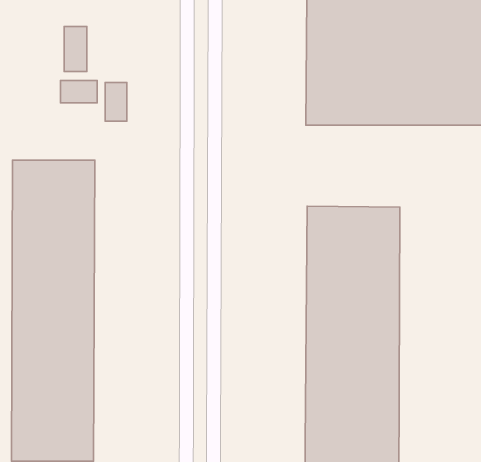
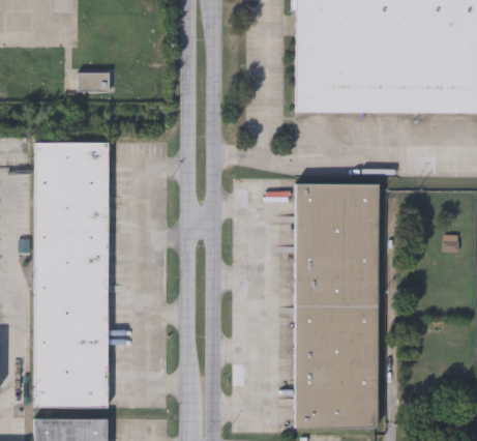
building: [64,26,87,72] -> none
building: [105,82,127,121] -> none

